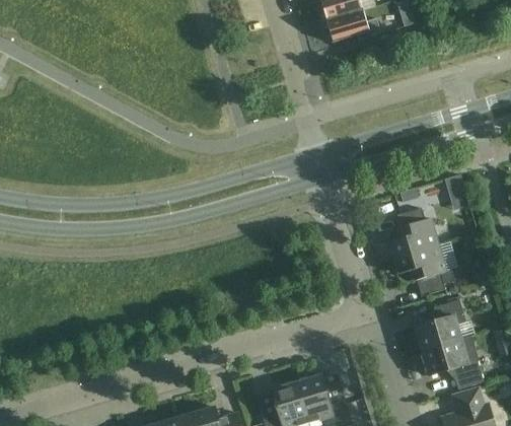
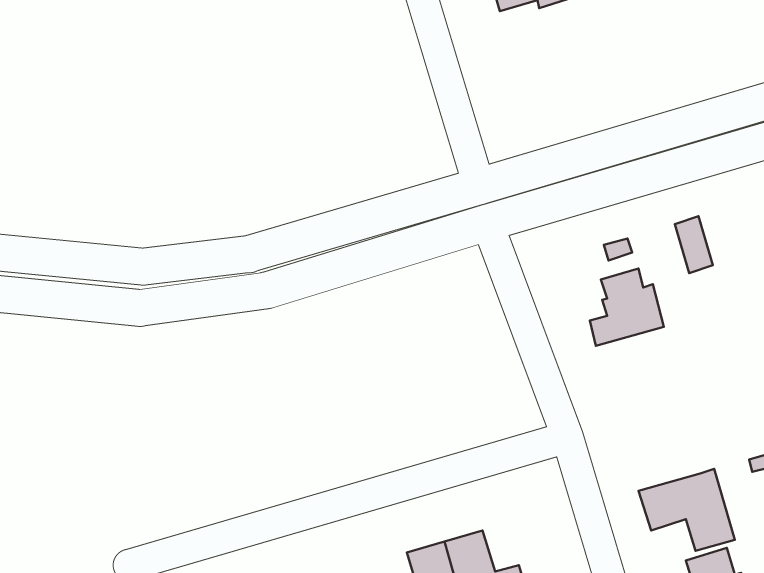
building: [394,244,454,295] -> none
building: [415,299,466,350] -> none

